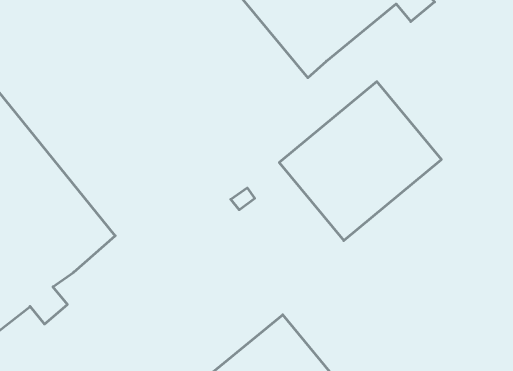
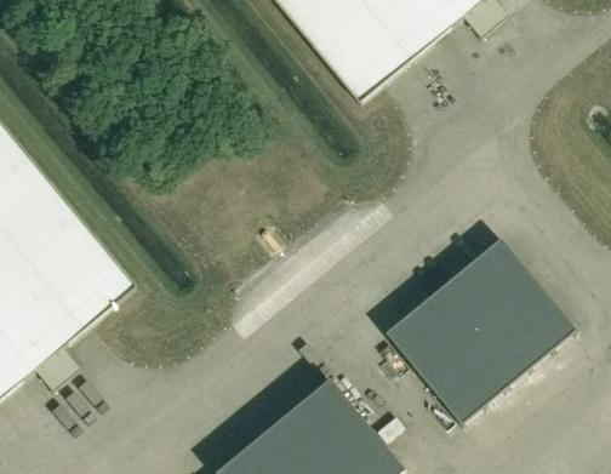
building: [279,82,441,241] -> [386,236,575,422]

